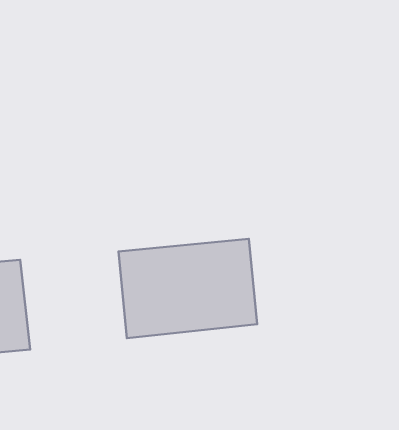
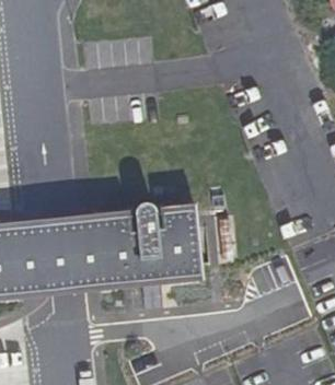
building: none -> [22,215,105,292]

